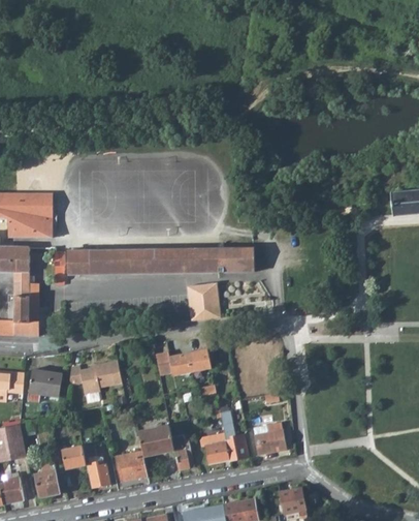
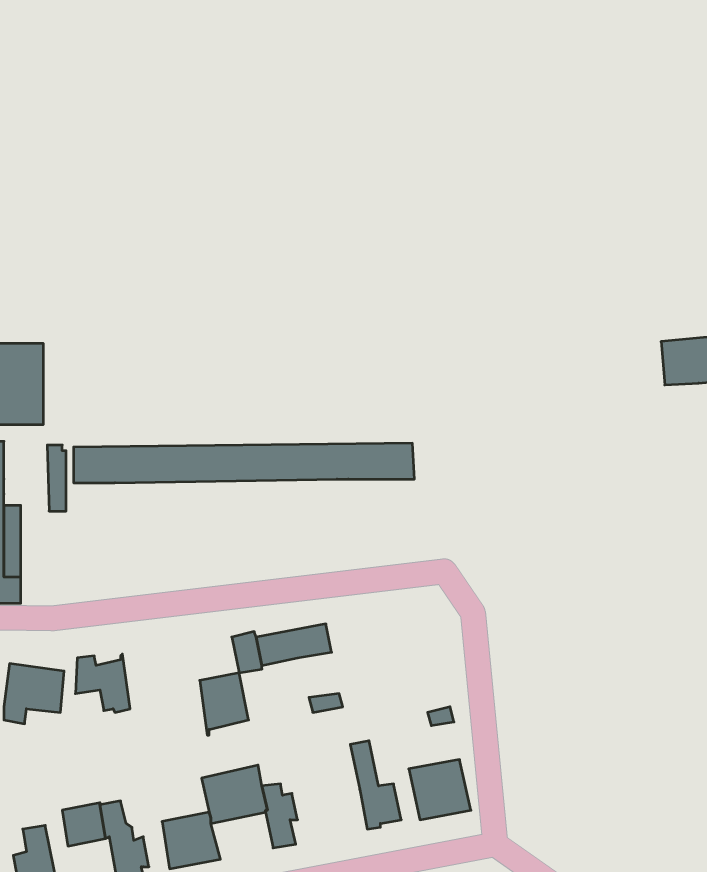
building: [187,280,219,319] -> none
building: [95,360,122,394] -> [200,673,249,735]
building: [199,433,229,465] -> none

